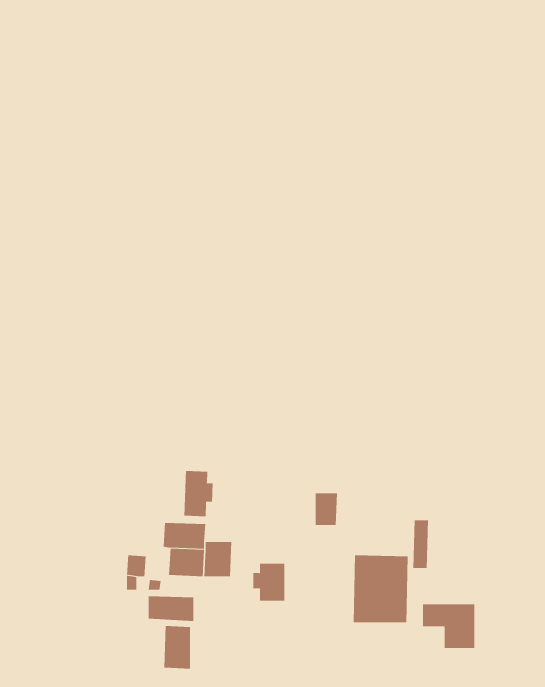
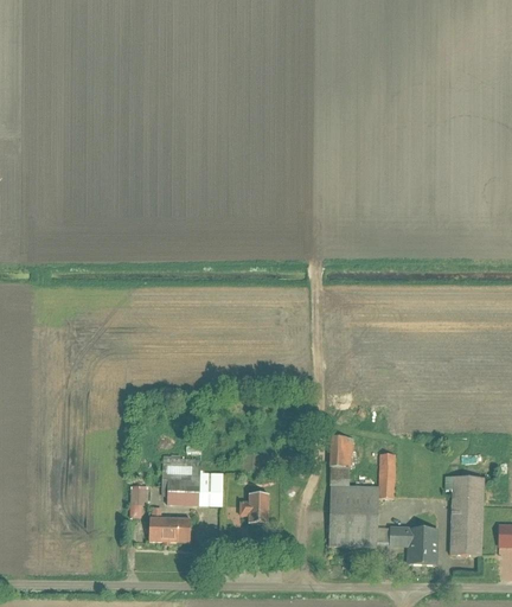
building: [184,470,213,517] -> none
building: [315,493,338,525] -> [331,436,351,465]
building: none -> [449,477,480,556]
building: [164,625,191,670] -> none

